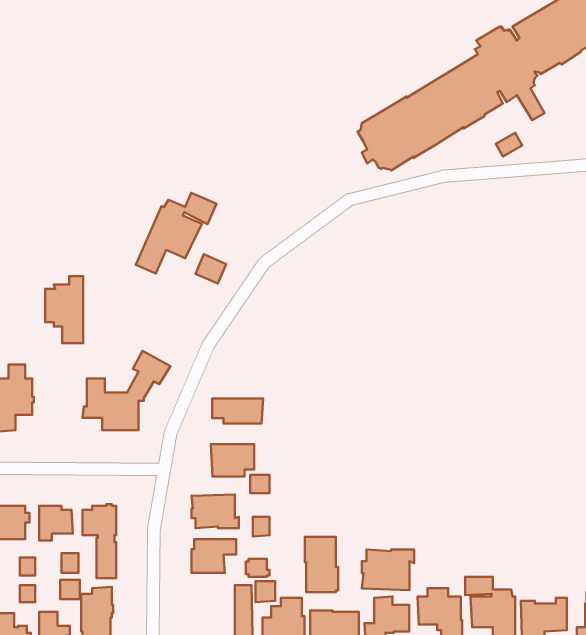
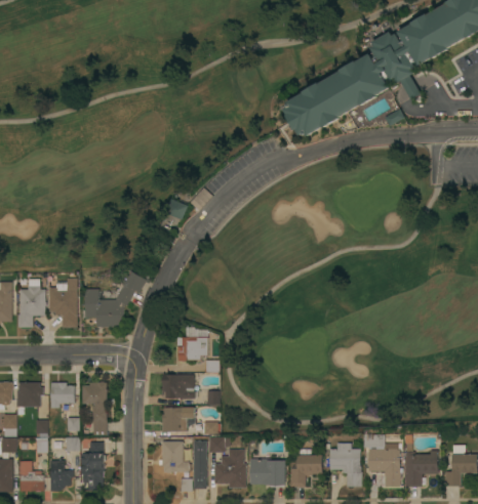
building: [136,193,216,274] -> none
building: [45,276,83,343] -> [49,278,77,327]
building: [212,399,263,423] -> none
building: [305,537,338,592] -> none
building: [362,549,414,590] -> none
building: none -> [162,440,191,472]

